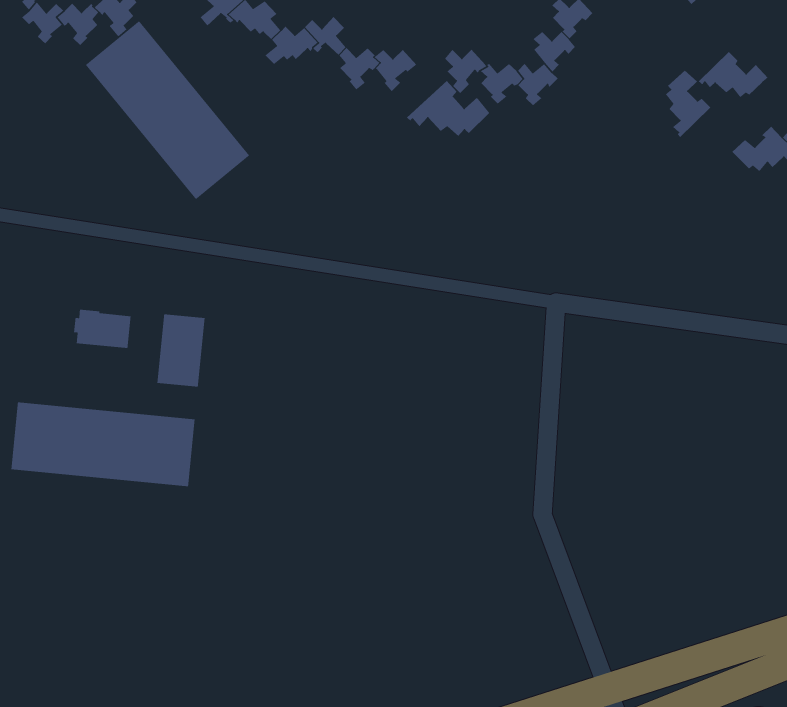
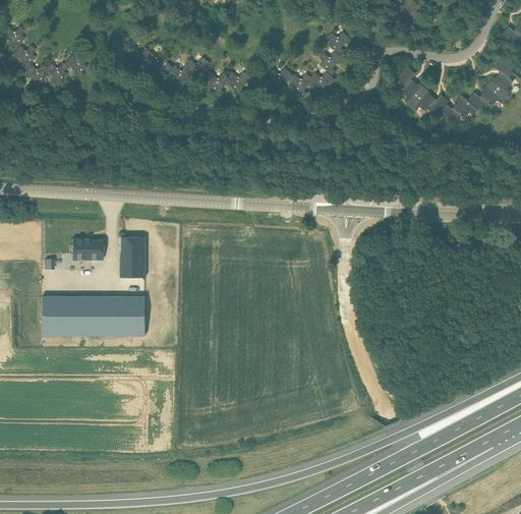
building: [85,20,250,200] -> none
building: [698,51,769,98] -> [408,87,449,113]
building: [406,80,490,137] -> none

